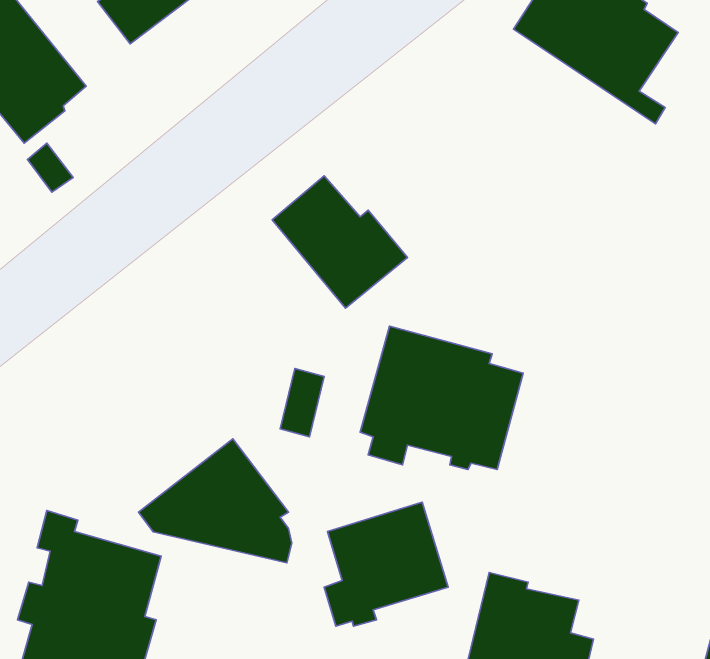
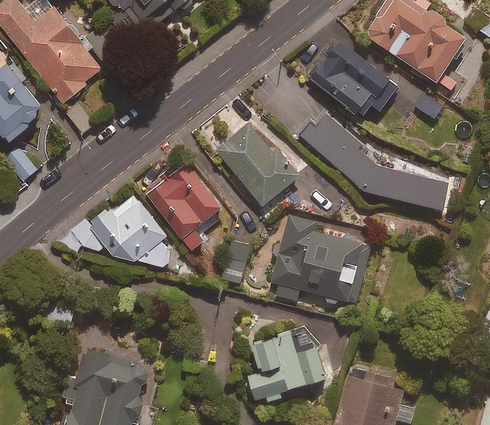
building: none -> [310,38,398,117]
building: none -> [301,110,448,209]
building: none -> [144,161,220,251]
building: [138,439,292,563] -> [74,192,168,268]

